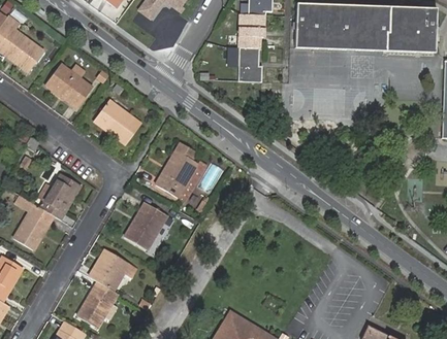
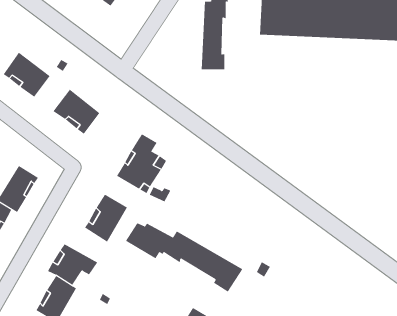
building: none -> [125,223,243,293]

